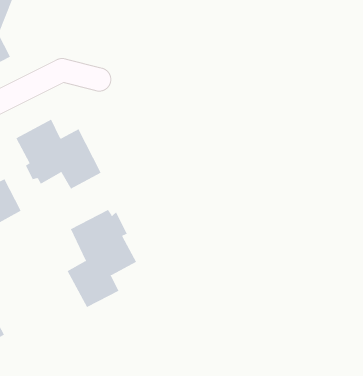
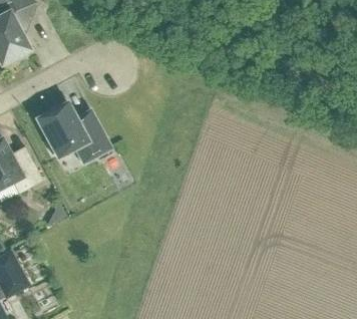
building: [67,209,137,308] -> none

